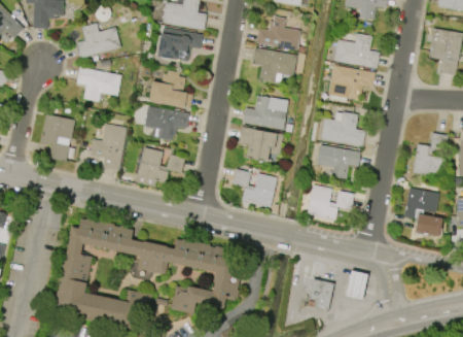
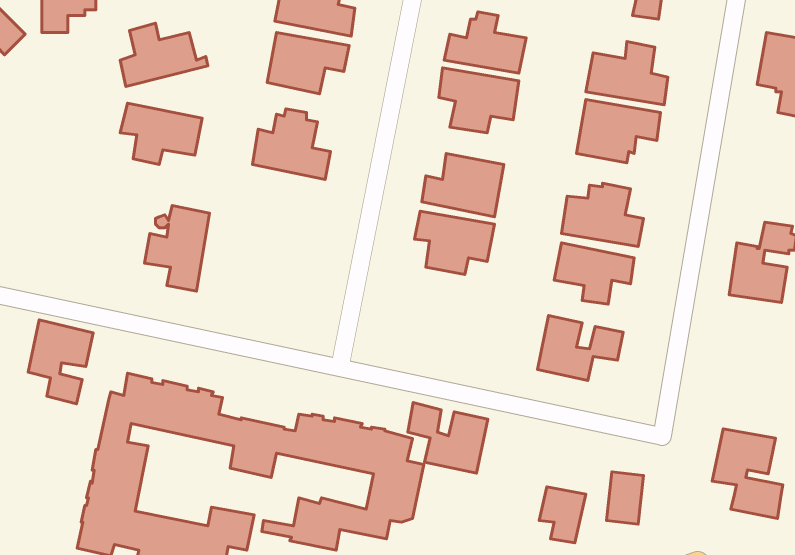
building: [144,106,189,140] -> none
building: [39,113,75,160] -> [28,320,93,404]
building: [135,147,184,187] -> none
building: [232,168,276,207] -> [408,402,488,473]
building: [403,188,442,237] -> [712,429,783,518]

